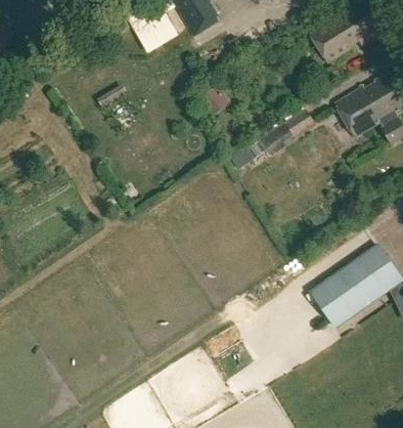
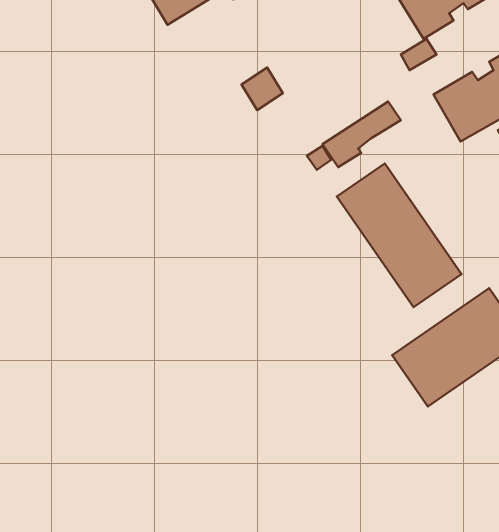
building: none -> [337,163,461,307]

